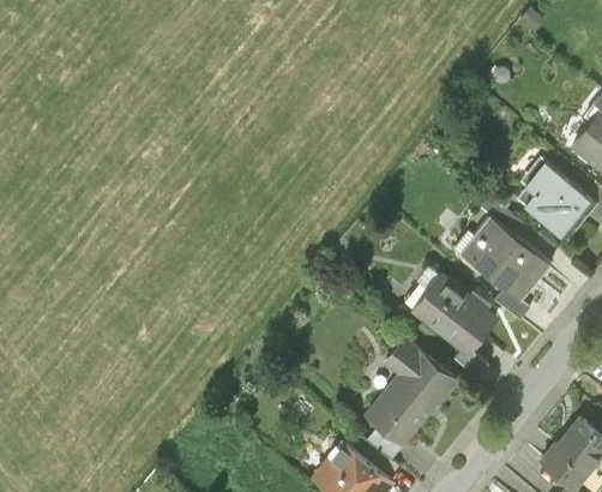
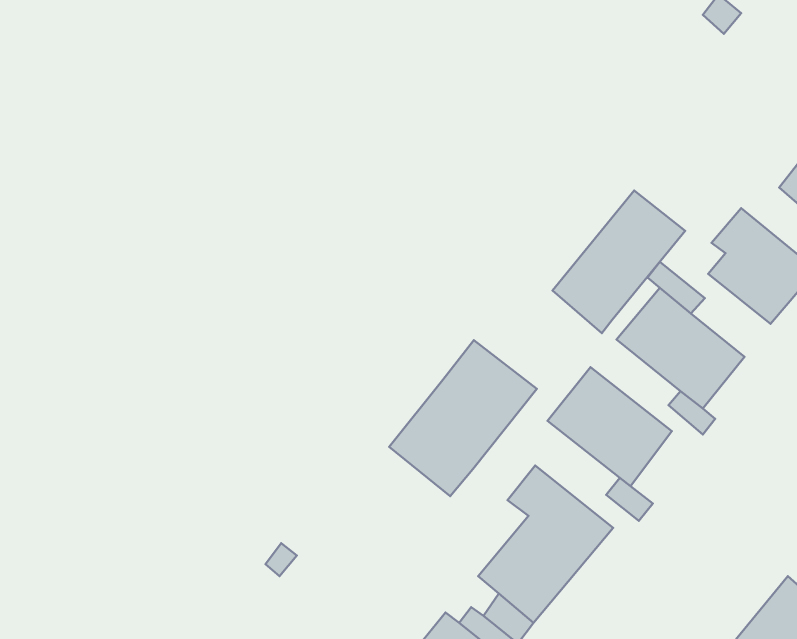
building: none -> [553,190,685,333]
building: none -> [389,340,537,496]

